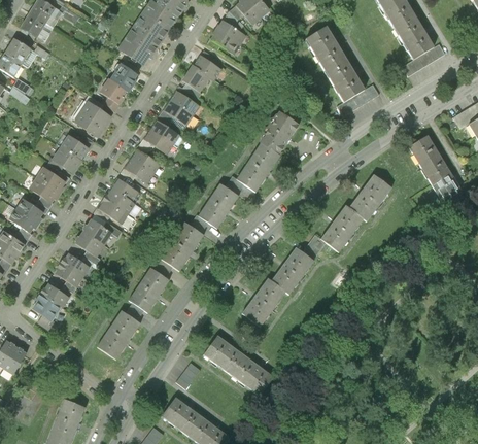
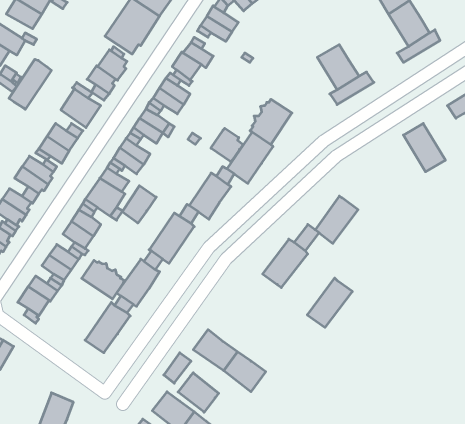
building: [306,26,346,69] -> none
building: none -> [9,59,51,109]
building: none -> [211,128,243,162]
building: [431,170,462,201] -> none
building: [349,173,394,221] -> none
building: none -> [122,186,156,223]
building: none -> [82,260,125,299]
building: [241,278,285,327] -> [307,278,352,327]
building: none -> [178,373,219,412]

